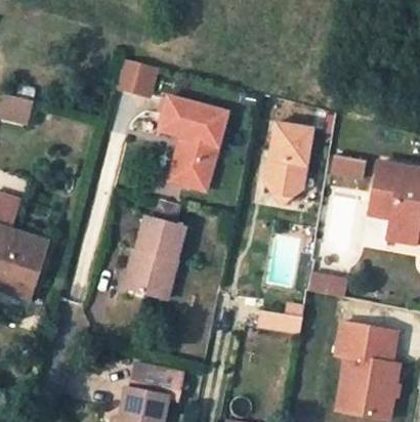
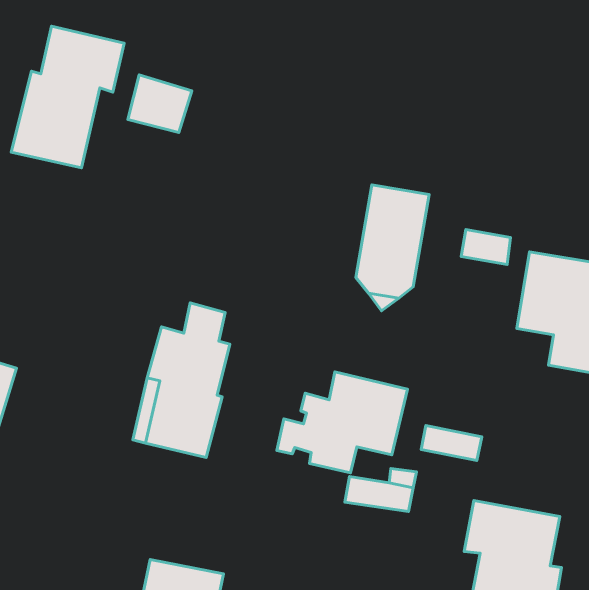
building: none -> [11,26,124,168]
building: [162,96,229,191] -> none
building: none -> [277,372,407,473]

